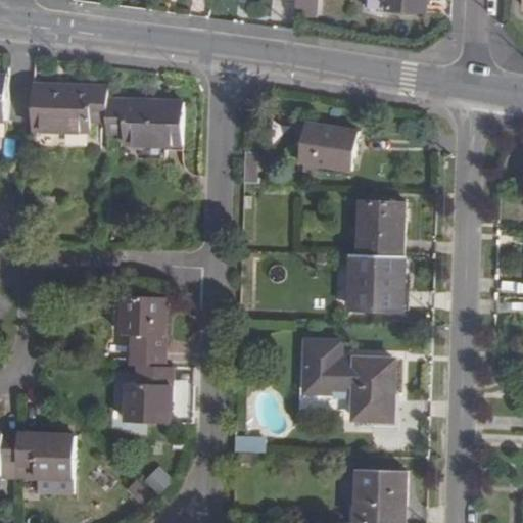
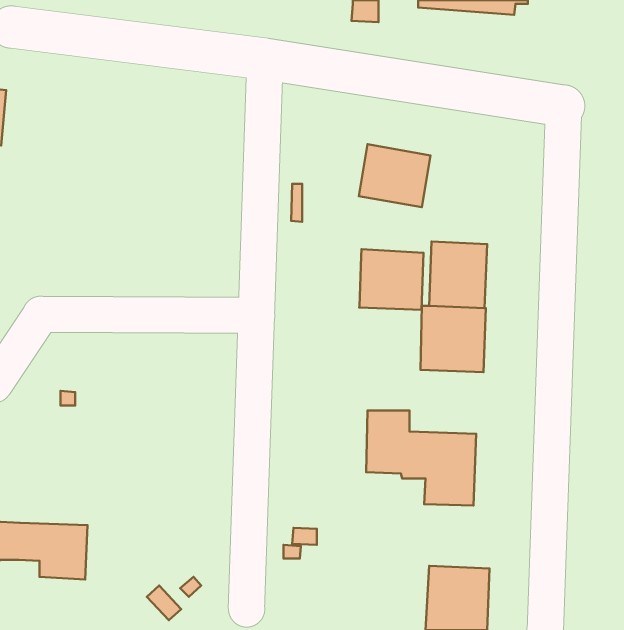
building: [30,84,181,145] -> none
building: none -> [359,249,424,310]
building: [120,296,171,422] -> none

